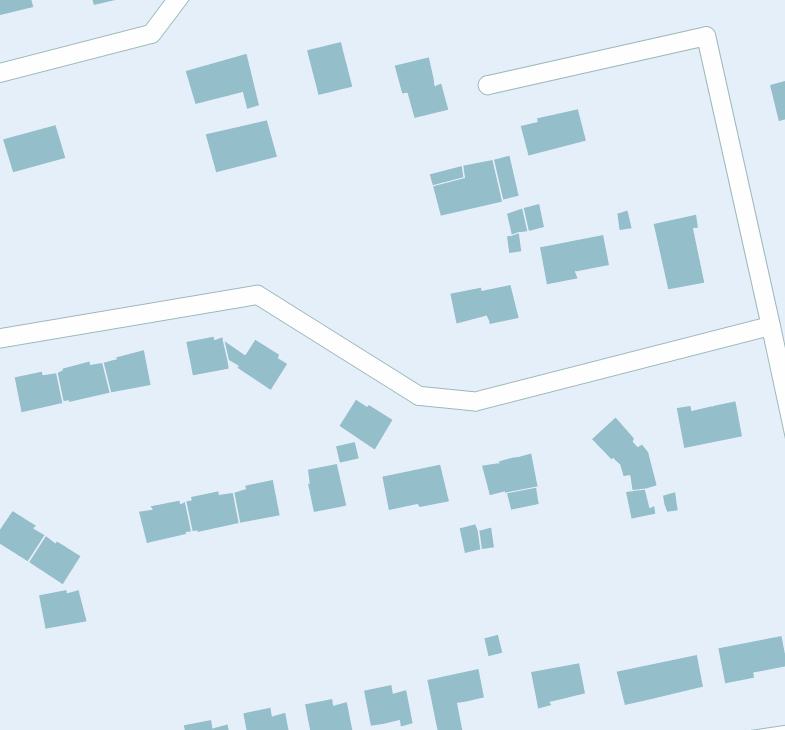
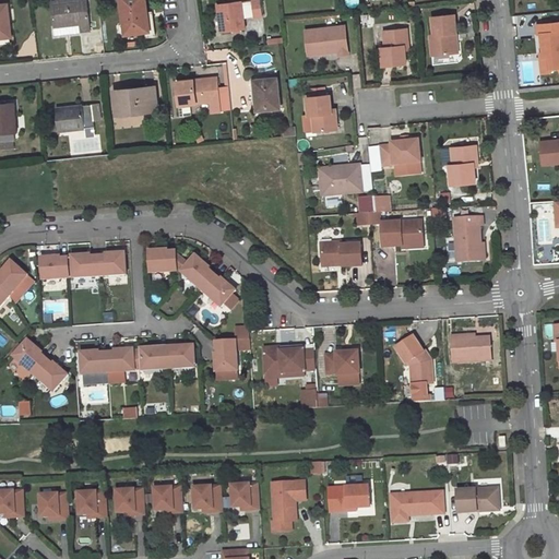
building: none -> [448,144,476,185]
building: [205,120,278,173] -> [112,85,156,114]
building: [338,399,393,450] -> [200,273,235,307]
building: [38,589,87,629] -> [80,350,108,373]

